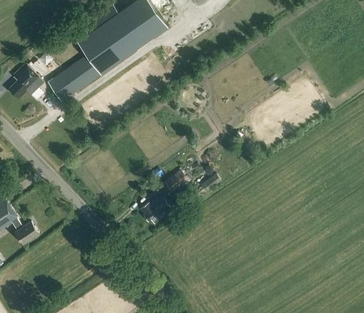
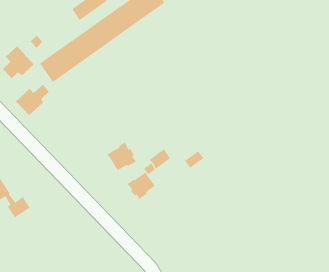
building: none -> [15,84,49,116]
building: none -> [106,142,137,171]

